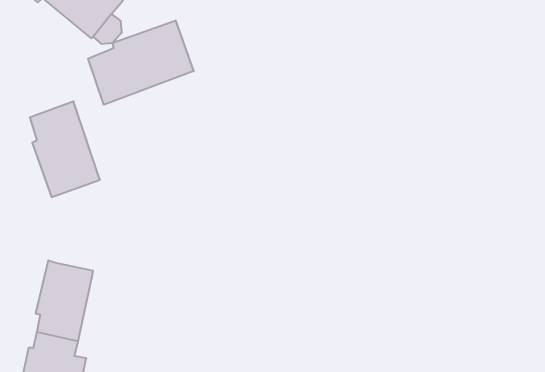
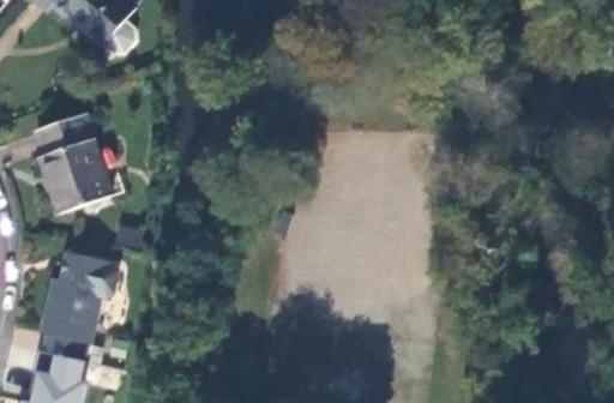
building: [88,20,194,105] -> none
building: none -> [61,253,118,297]

